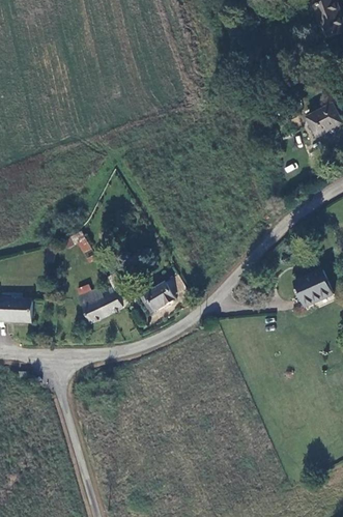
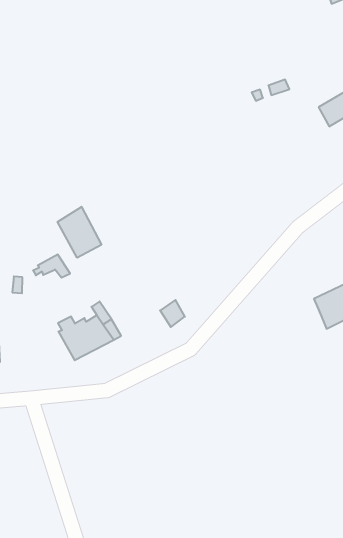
building: none -> [58,207,101,258]
building: [140,285,172,314] -> none

